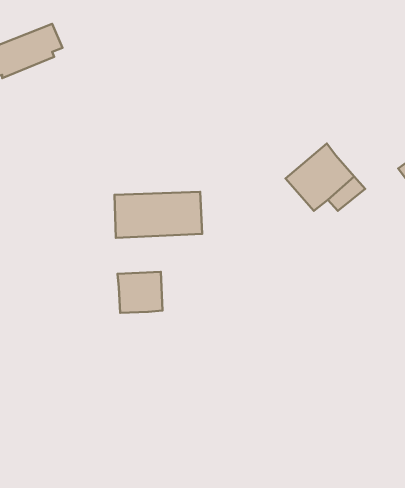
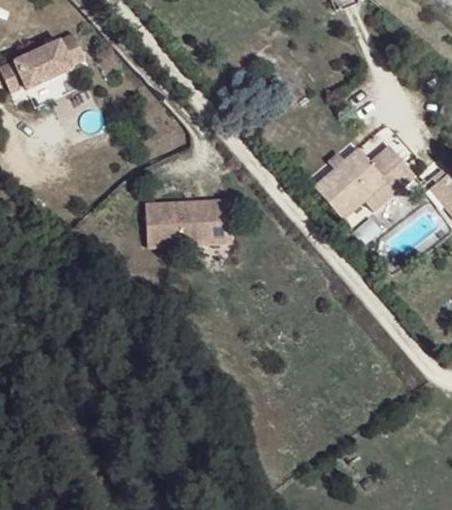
building: none -> [362,147,409,196]
building: [118,272,162,313] -> none

